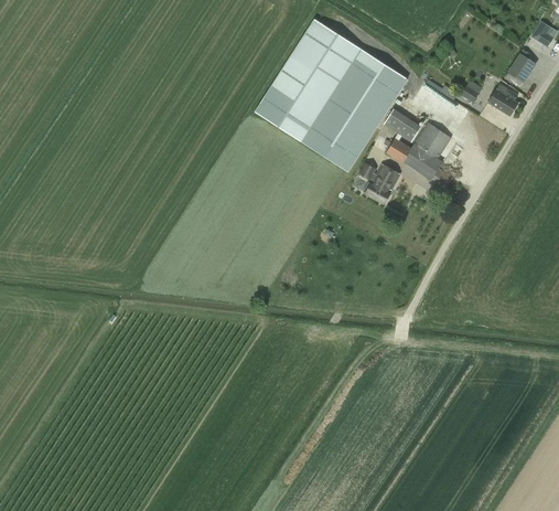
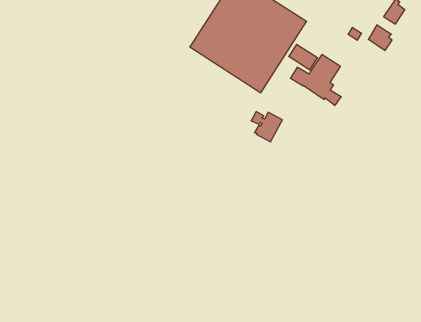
building: [358,163,399,203] -> [251,111,282,142]

